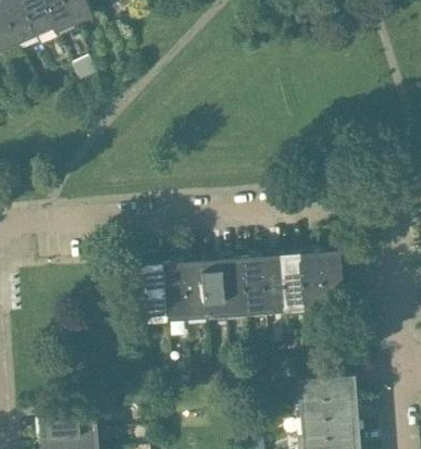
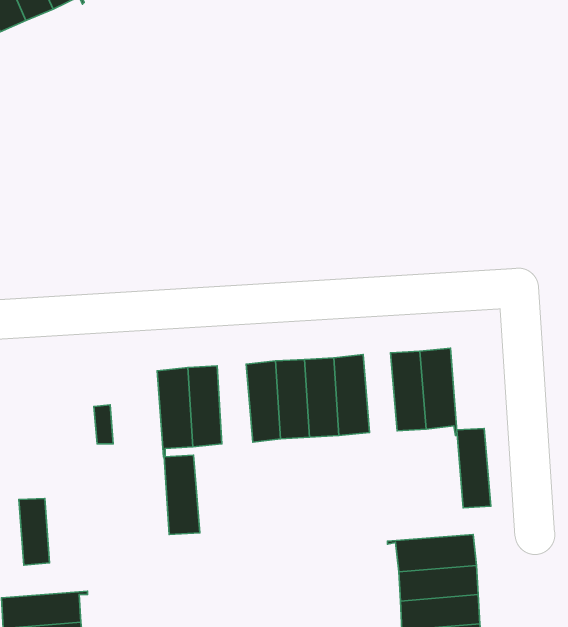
building: [281,254,304,308] -> [457,428,491,508]
building: [183,262,207,315] -> [164,455,200,535]
building: none -> [19,499,50,565]

